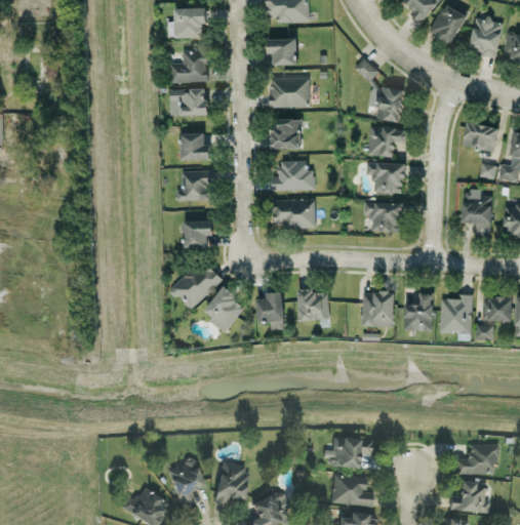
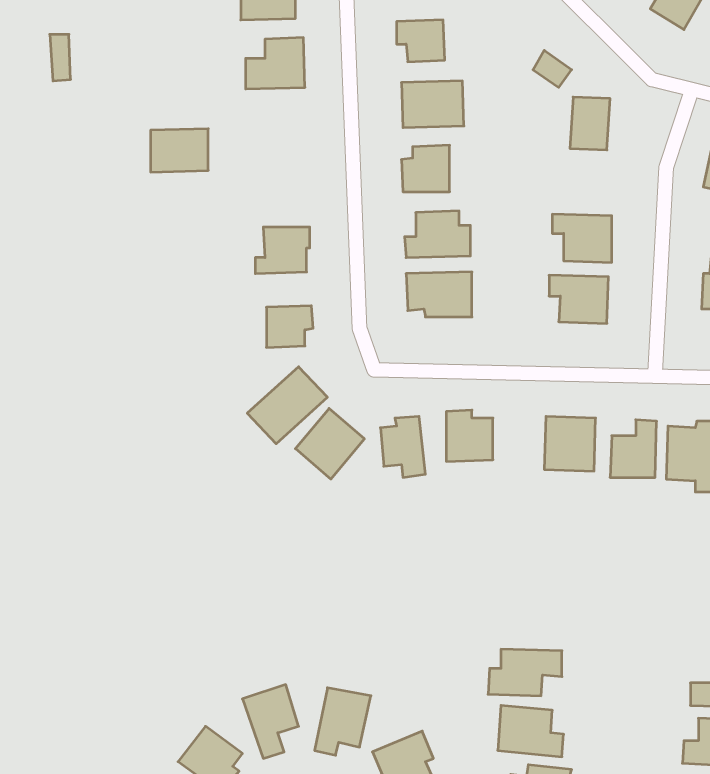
building: [170,87,207,115] -> [151,129,208,172]
building: [368,126,407,156] -> none
building: [181,132,211,159] -> none

